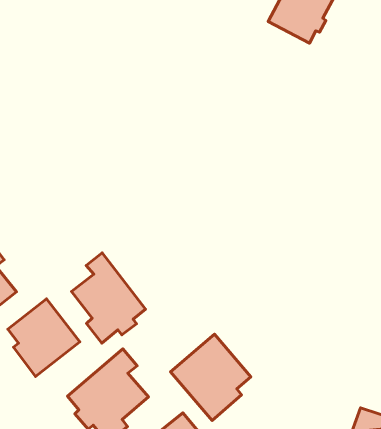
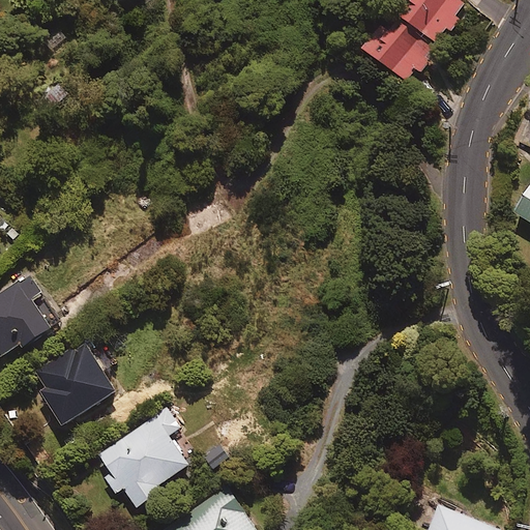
building: [71,253,146,343] -> none
building: [170,334,251,421] -> none

